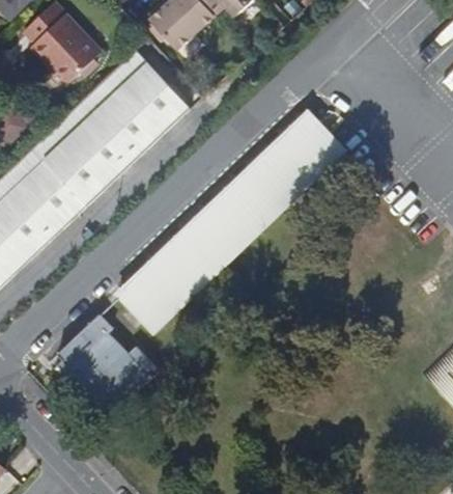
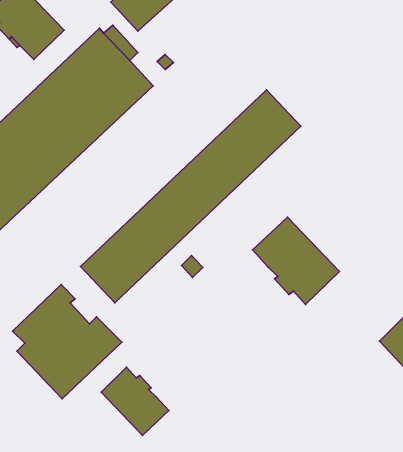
building: none -> [253,217,339,304]
building: none -> [101,367,169,435]

